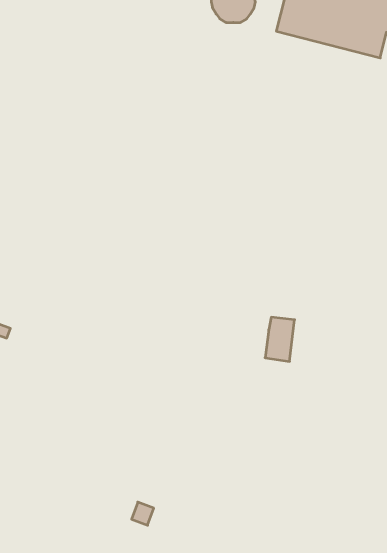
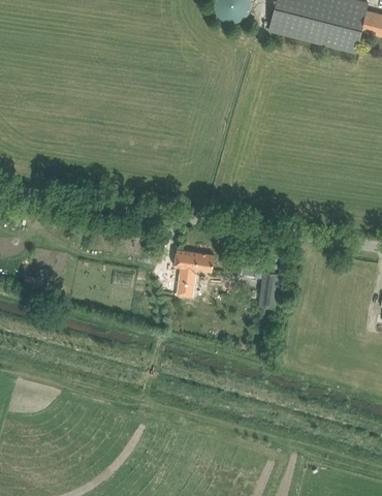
building: none -> [173,249,214,296]

